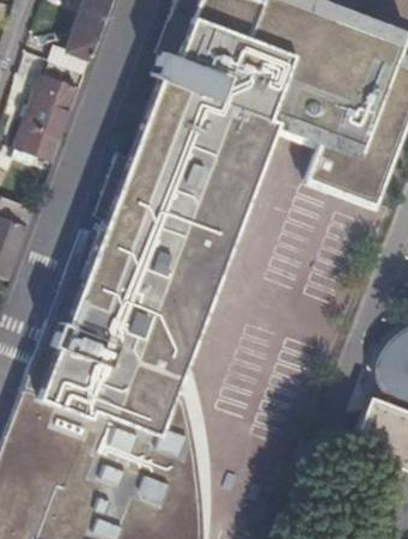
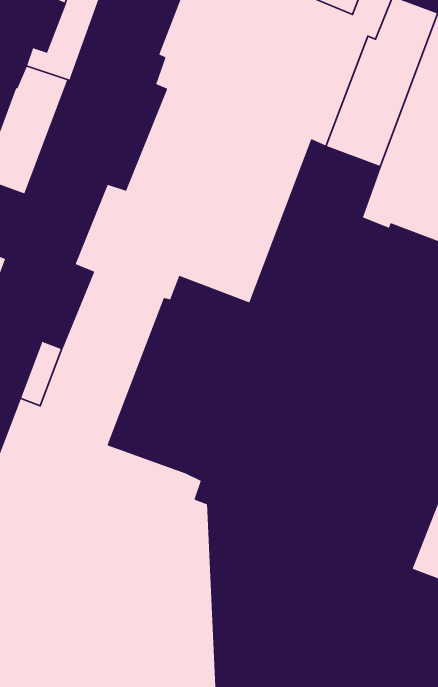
building: [118,222,227,373] -> none

